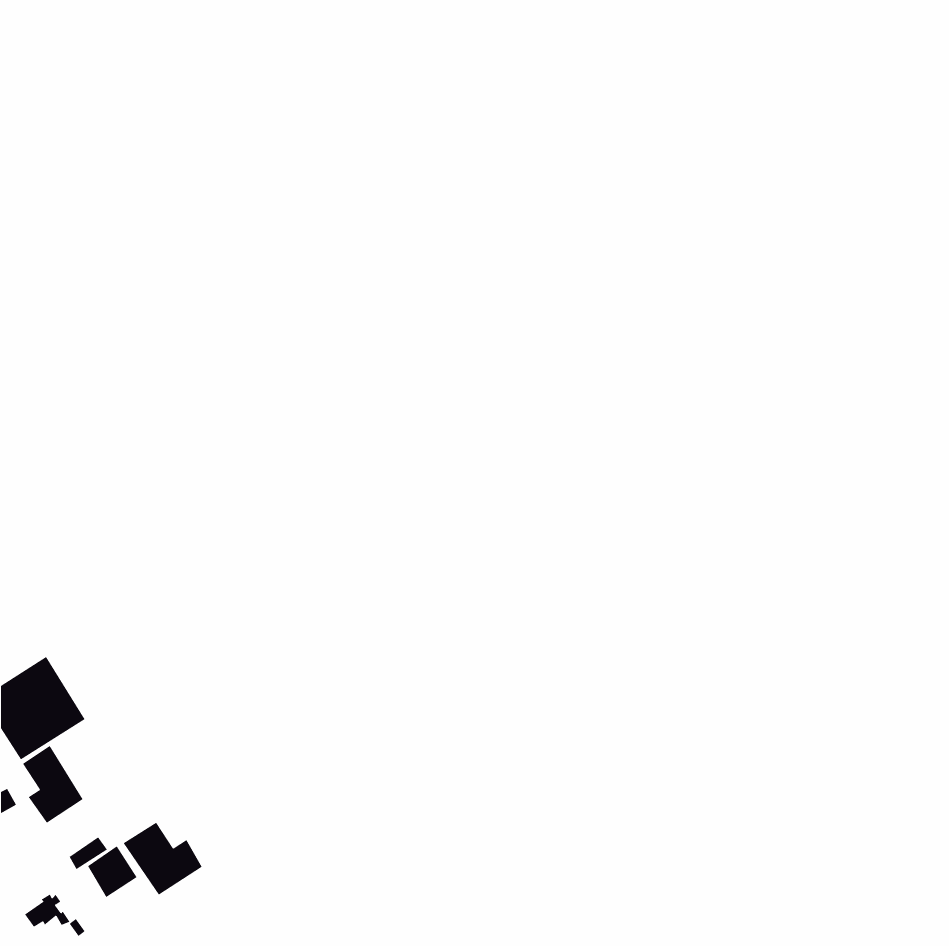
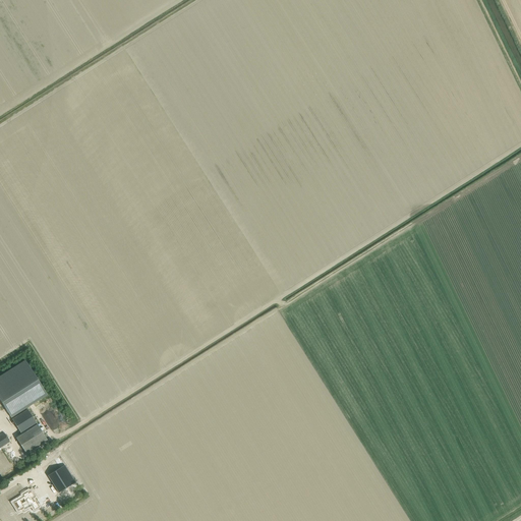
building: [123,822,202,896] -> none

